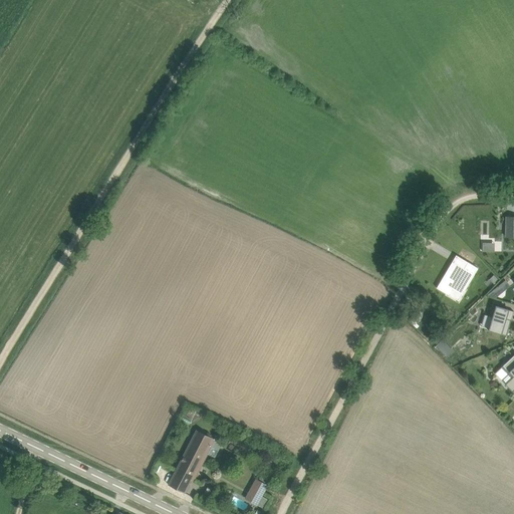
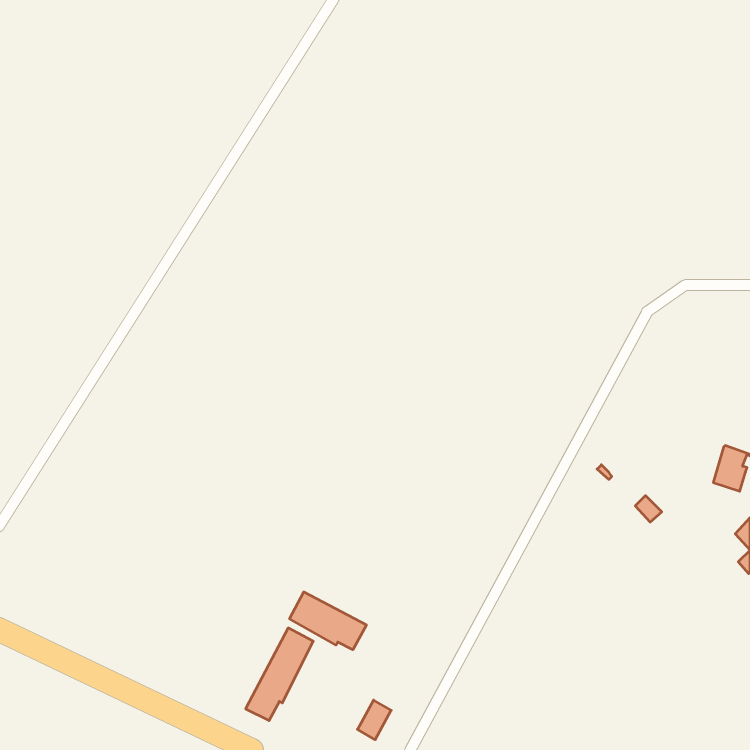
building: [438,261,477,294] -> none
building: none -> [290,592,366,650]

